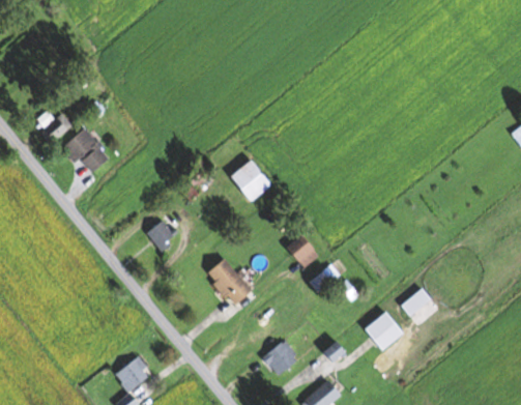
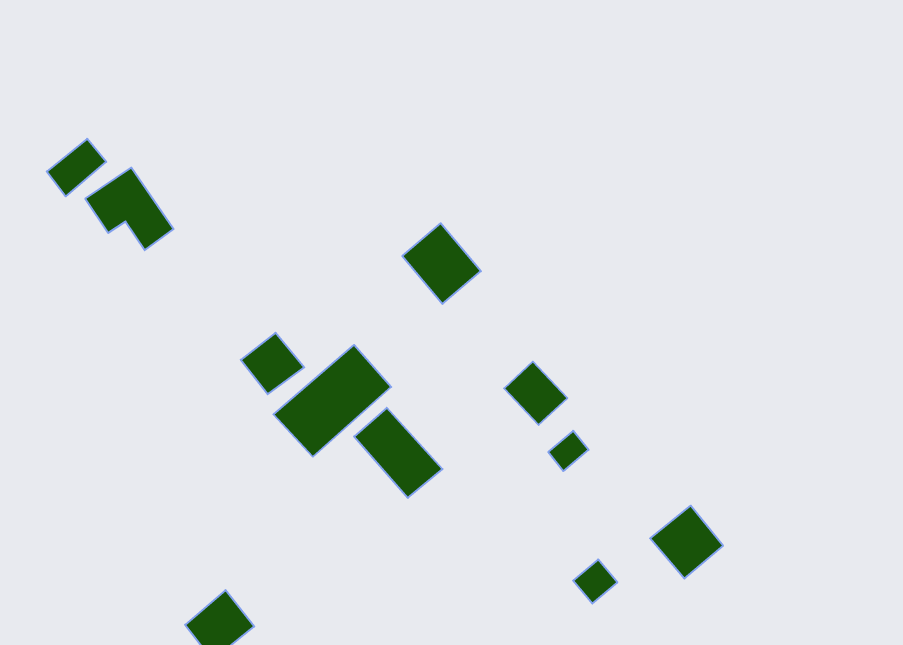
building: none -> [273,345,391,457]
building: [400,288,432,317] -> none
building: [261,339,298,376] -> none

